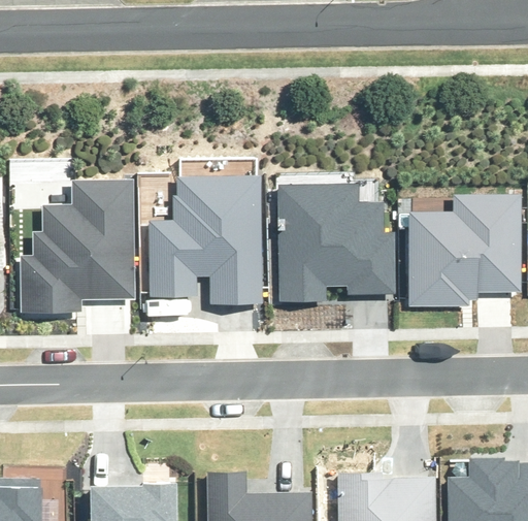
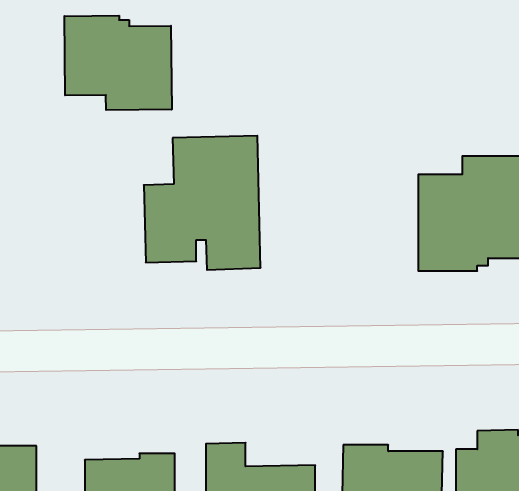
building: none -> [64,16,172,110]
building: [21,183,133,313] -> none
building: [275,183,396,302] -> none

